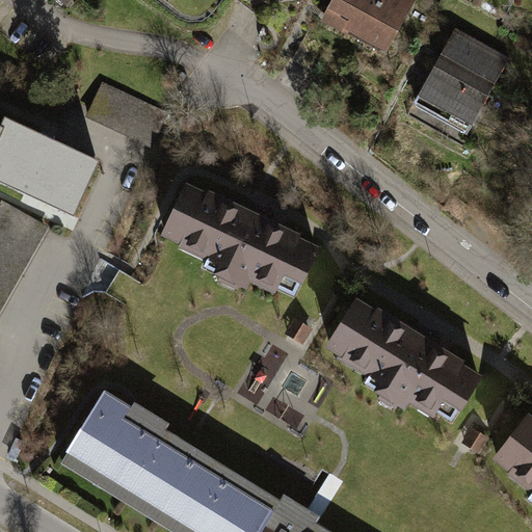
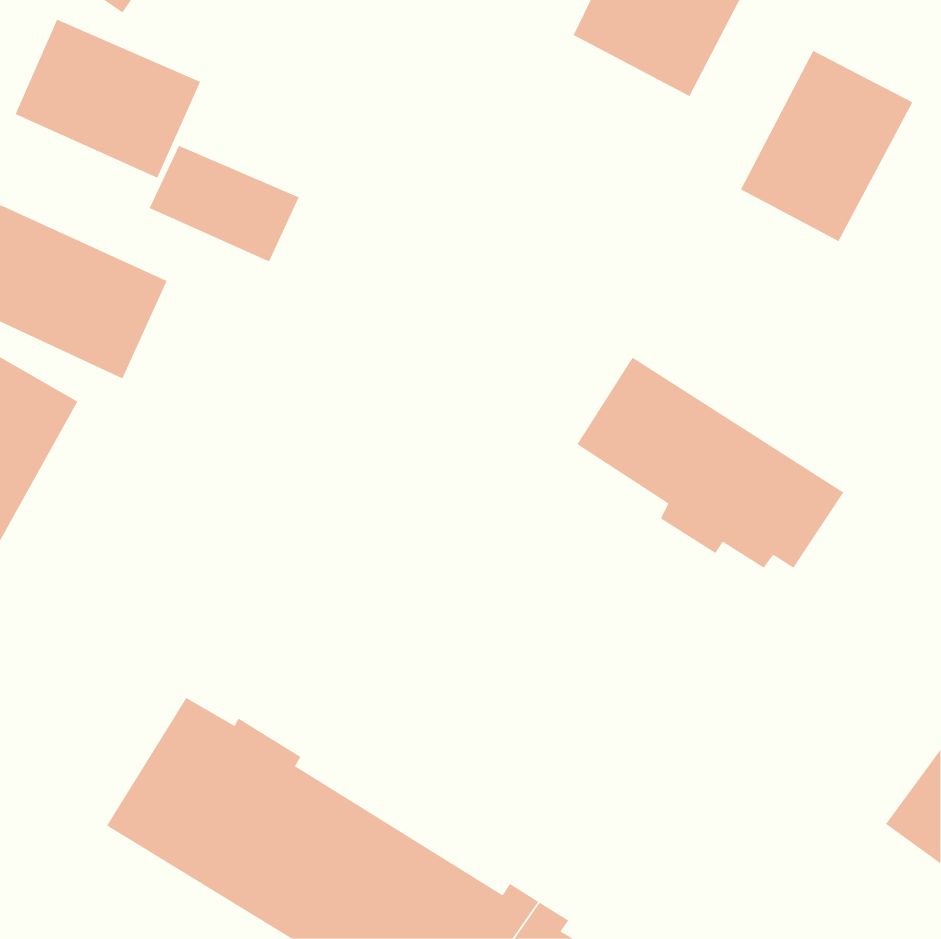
building: none -> [15,19,201,178]
building: [161,182,318,294] -> none
building: [328,299,478,418] -> [576,357,844,569]

